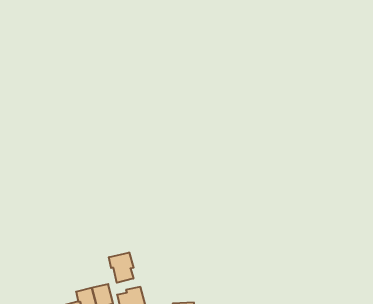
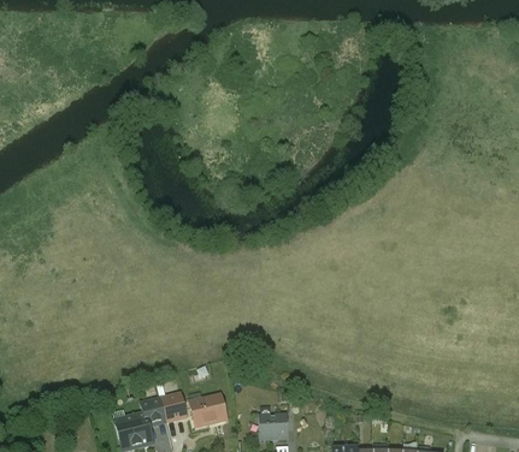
building: [109,252,134,283] -> none

